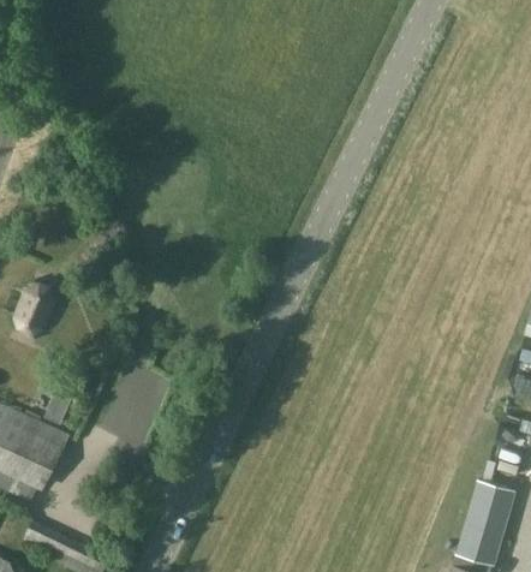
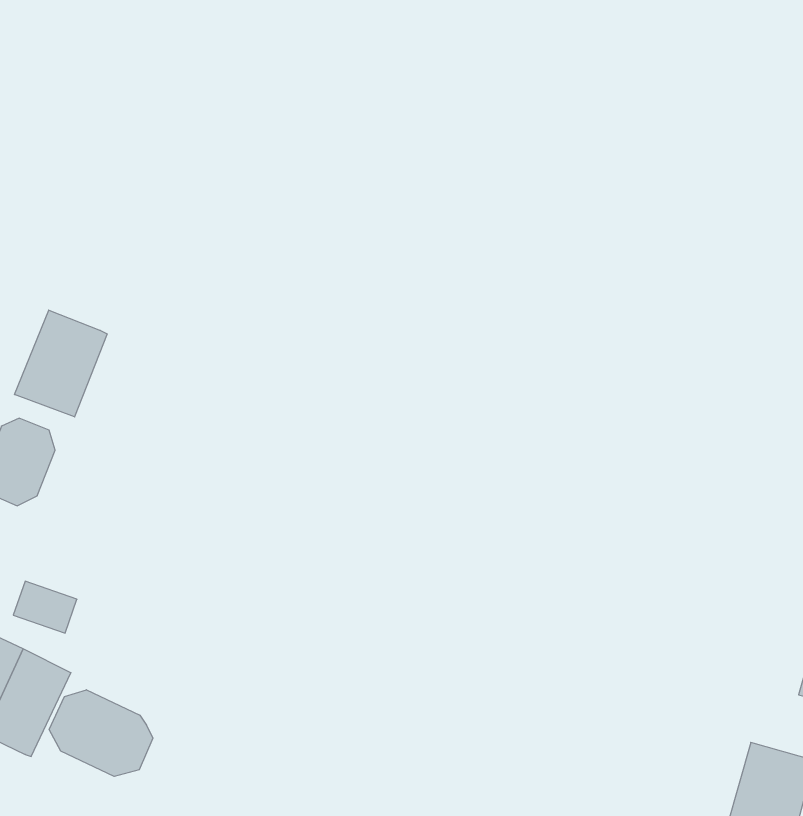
building: none -> [15,310,107,417]
building: none -> [49,690,153,776]

